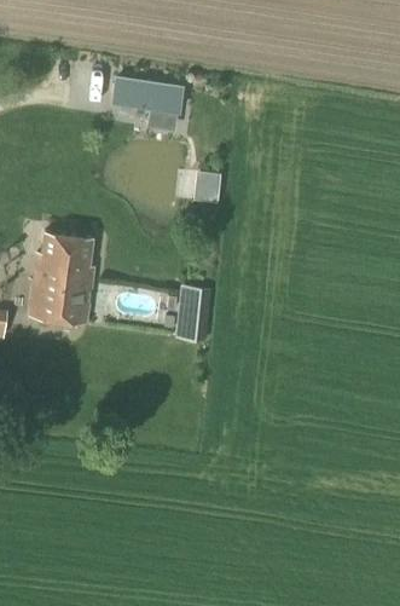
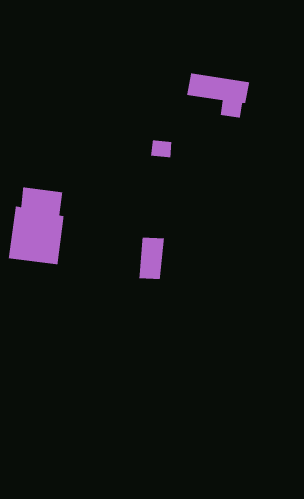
building: [111,76,185,129] -> [186,72,250,119]

